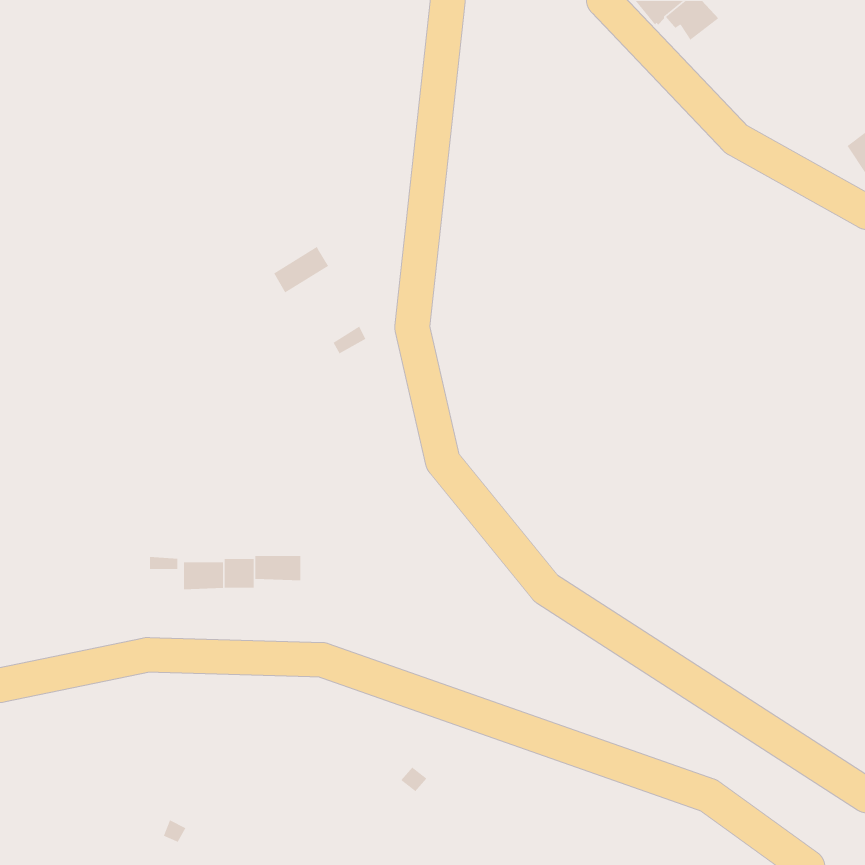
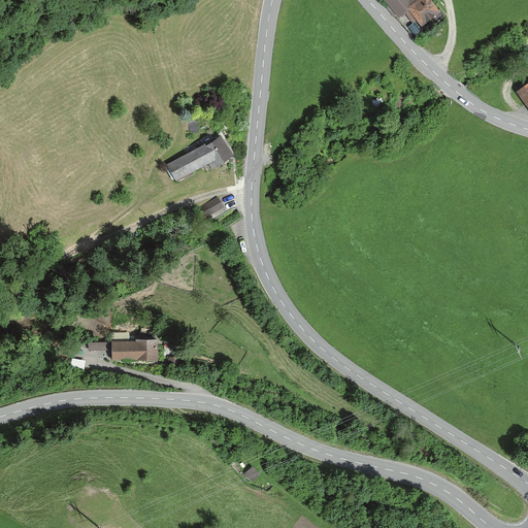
building: none -> [195,137,230,167]
building: [254,555,301,581] -> none

